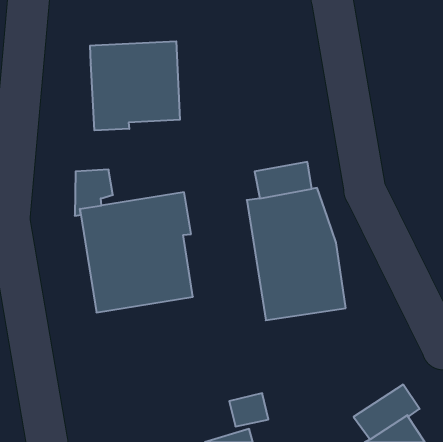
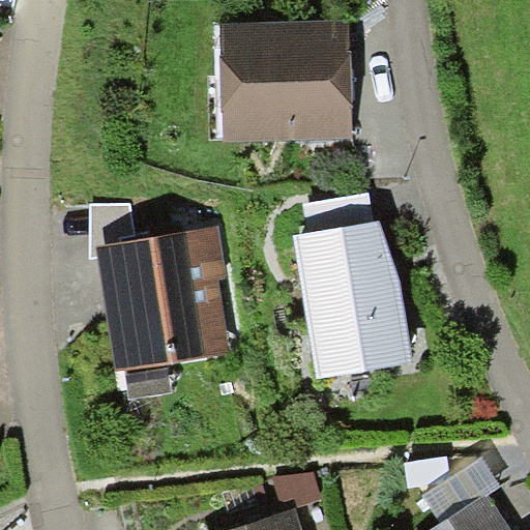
building: none -> [218,20,353,144]
building: [90,41,180,130] -> none

